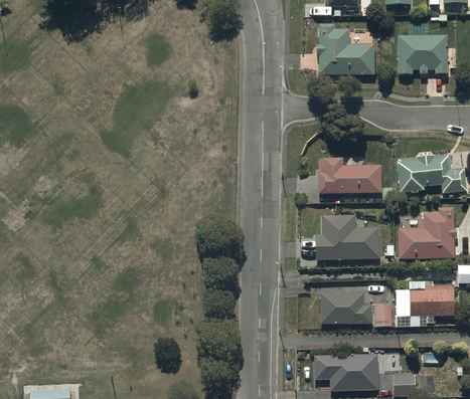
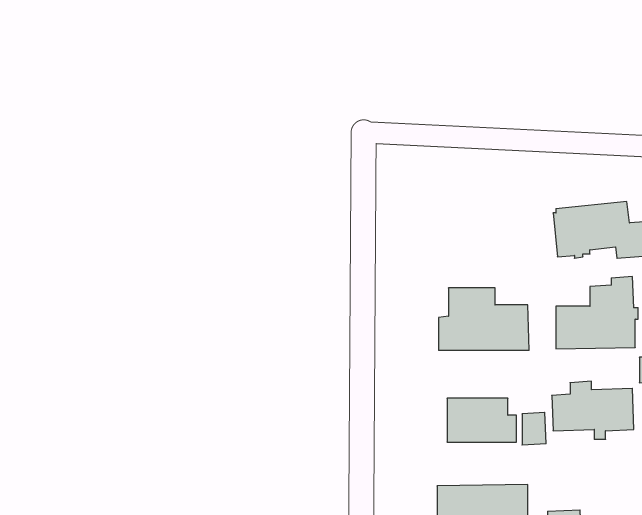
building: [317,22,374,73] -> none
building: [398,23,447,73] -> none
building: [318,157,380,192] -> none

